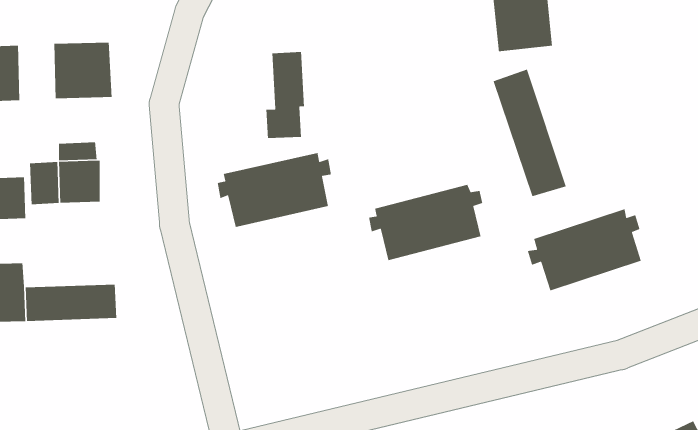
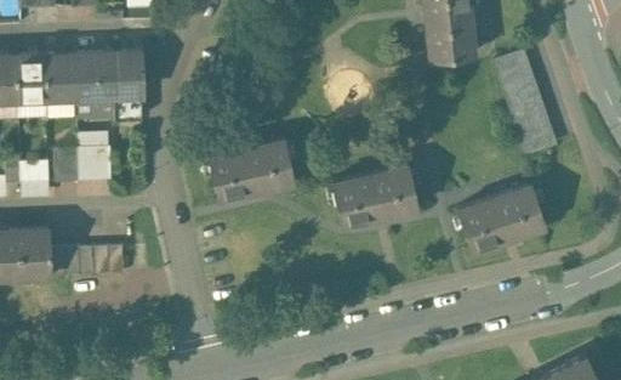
building: none -> [45,52,74,98]
building: [266,51,305,139] -> [113,50,144,120]
building: [493,69,567,197] -> [494,51,553,154]

